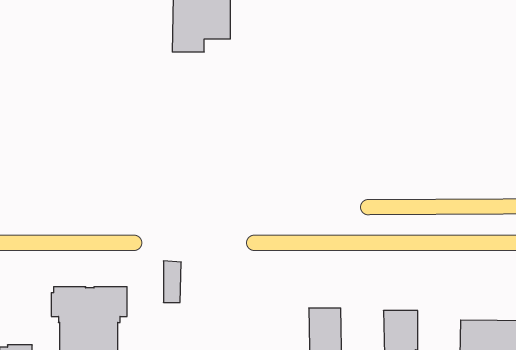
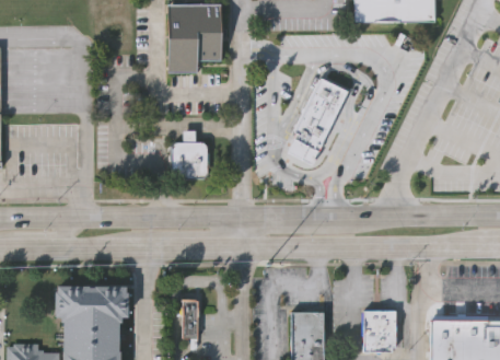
building: none -> [289,78,349,163]
building: none -> [173,130,209,178]
building: [163,261,181,302] -> [183,300,199,338]

